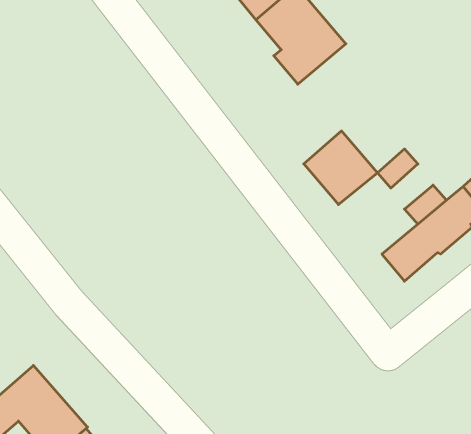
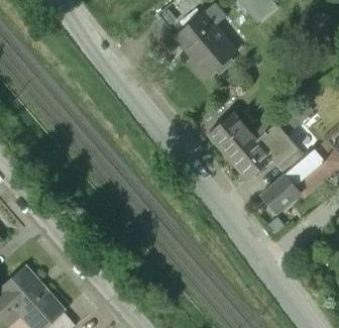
building: none -> [230,139,271,179]

